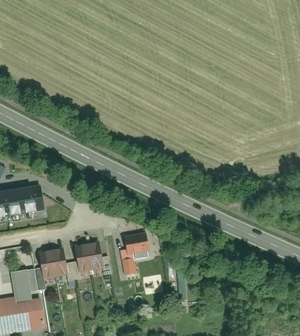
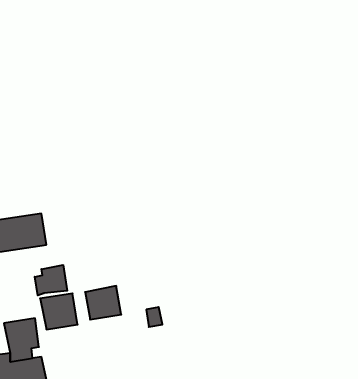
building: none -> [35,265,67,295]
building: [124,235,149,255] -> none

